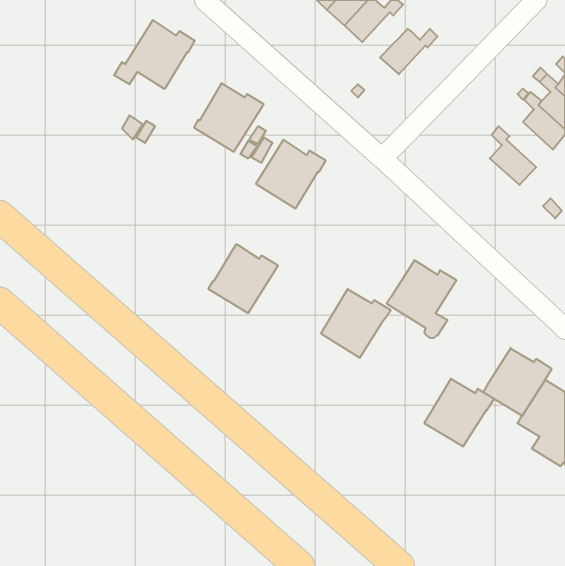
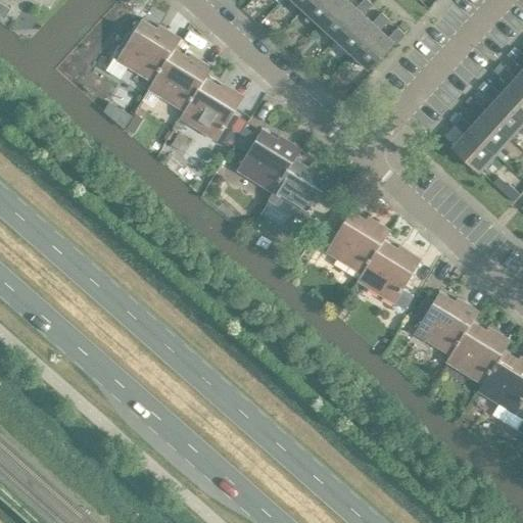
building: none -> [334,11,387,53]
building: none -> [147,48,211,111]
building: none -> [467,101,510,154]
building: [208,244,278,313] -> [268,158,332,222]
building: [321,289,391,358] -> [325,210,389,274]
building: [424,379,494,446] -> [414,292,478,354]

